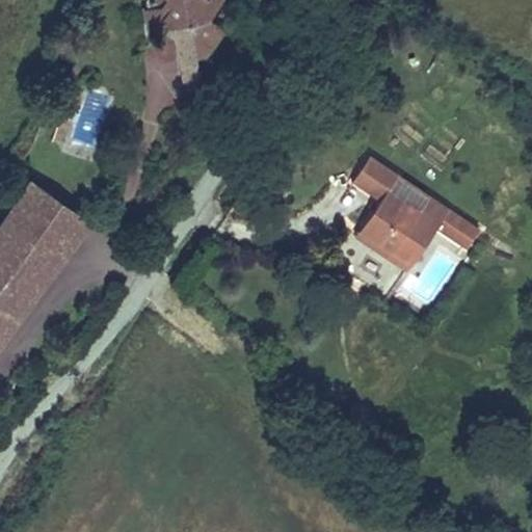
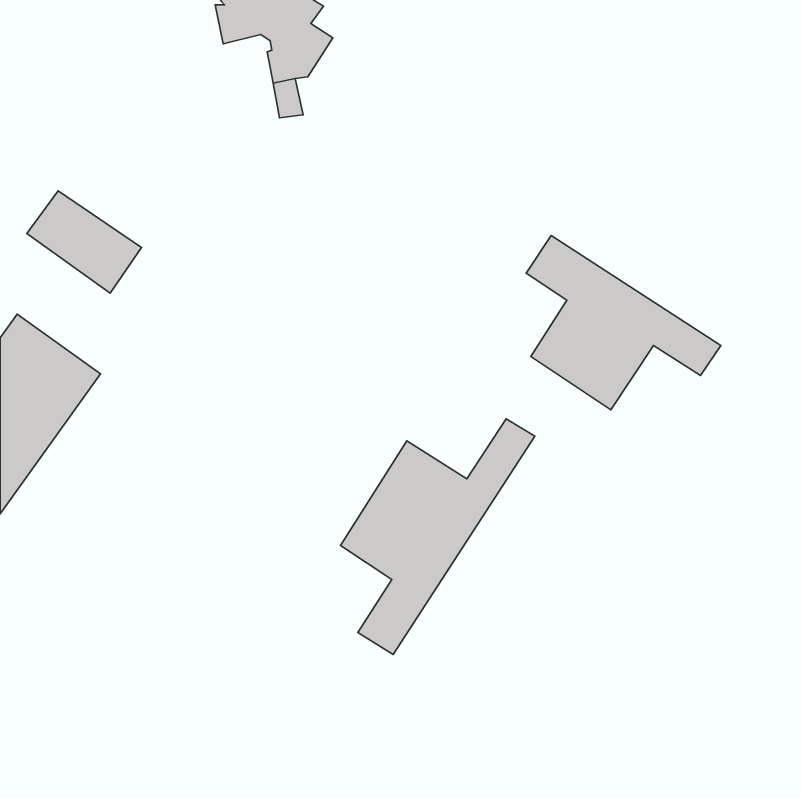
building: [12,180,88,247] -> [27,191,141,293]
building: none -> [340,419,535,655]

